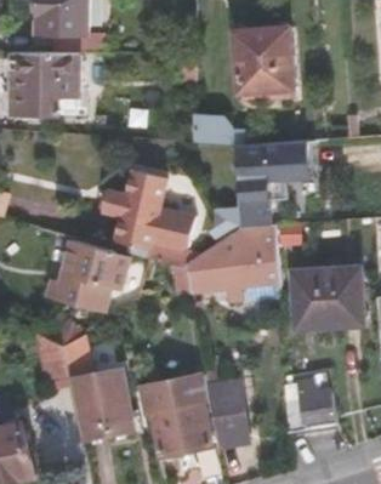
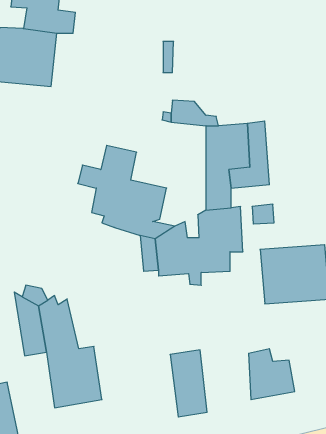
building: [243,33,294,97] -> none
building: [41,234,126,303] -> none
building: [136,375,206,460] -> none

